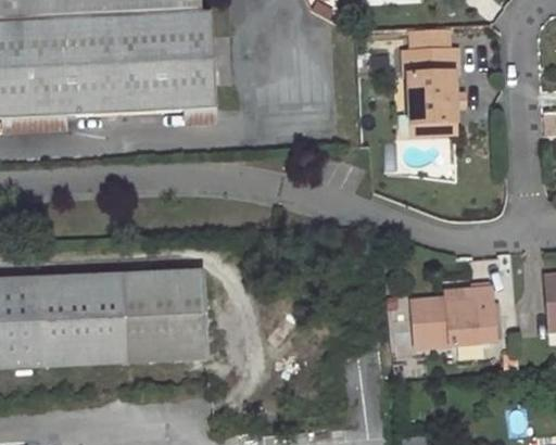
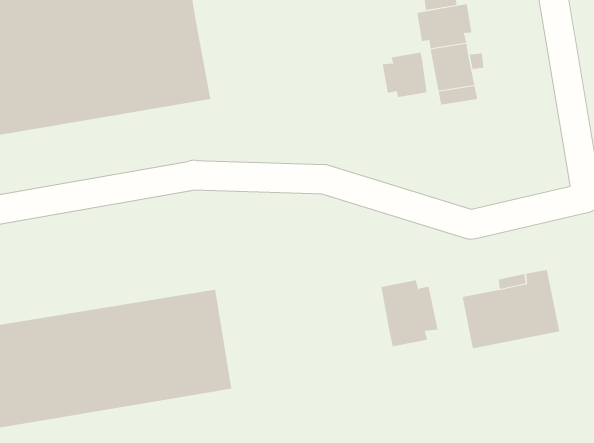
building: none -> [382,52,427,98]
building: none -> [381,280,438,347]

